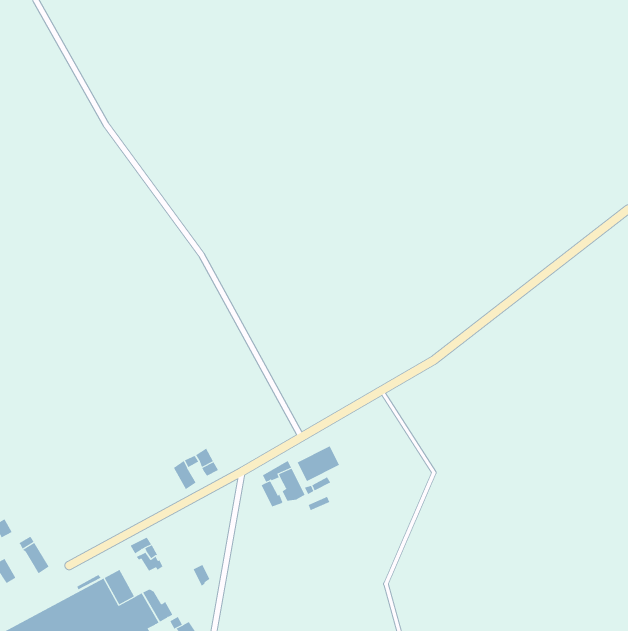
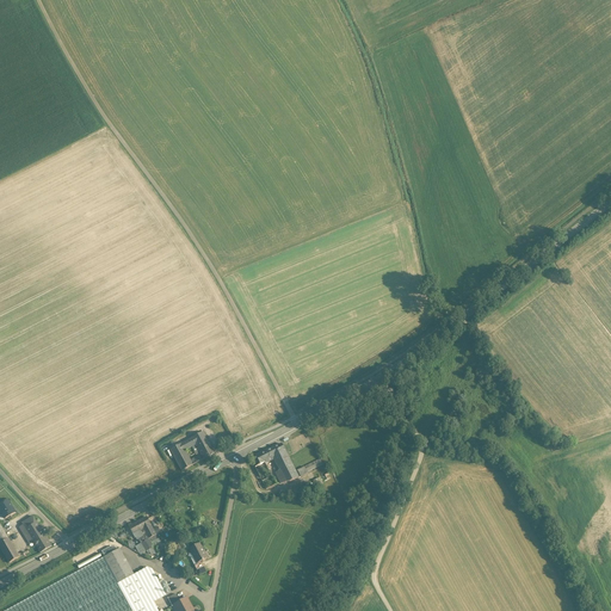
building: [297,446,340,482] -> none

